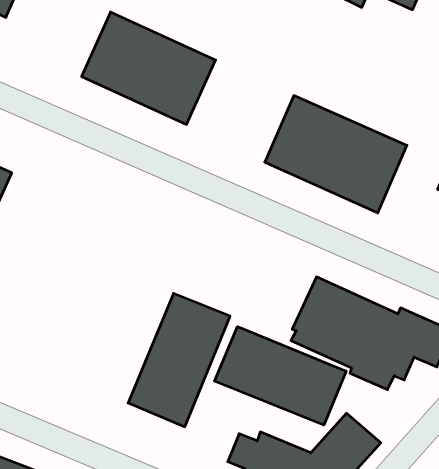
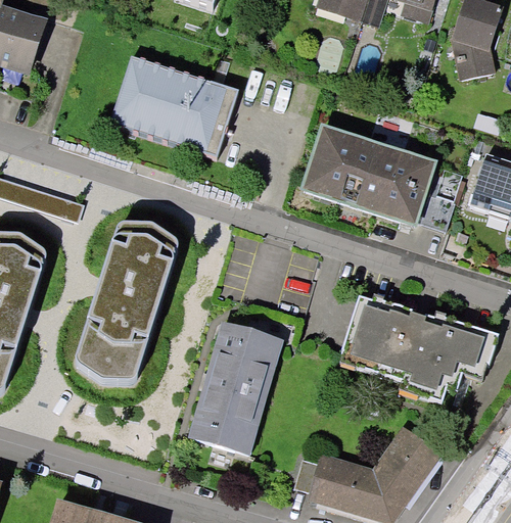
building: none -> [66,208,180,396]
building: [215,327,346,425] -> none

